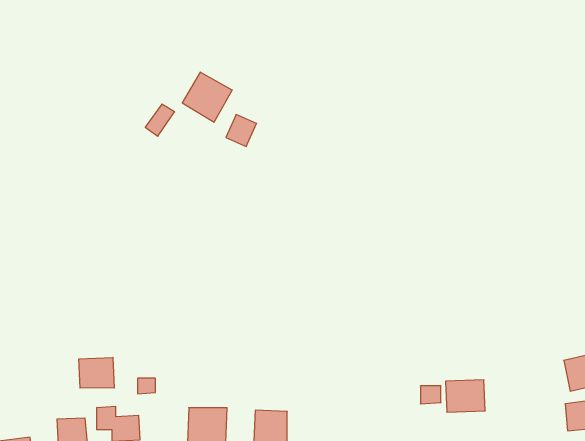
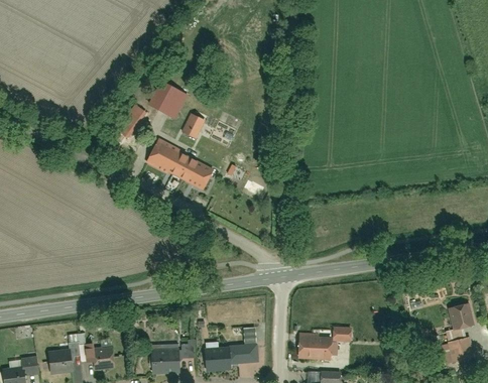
building: none -> [146,138,212,190]
building: [79,357,114,388] -> none
building: [446,380,485,412] -> [300,334,332,359]
building: none -> [234,342,256,362]

